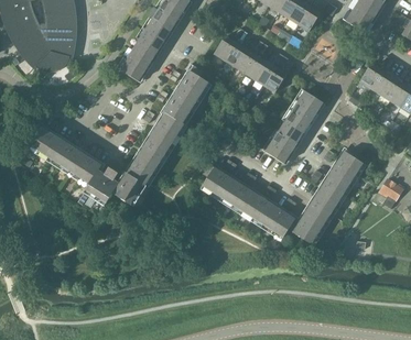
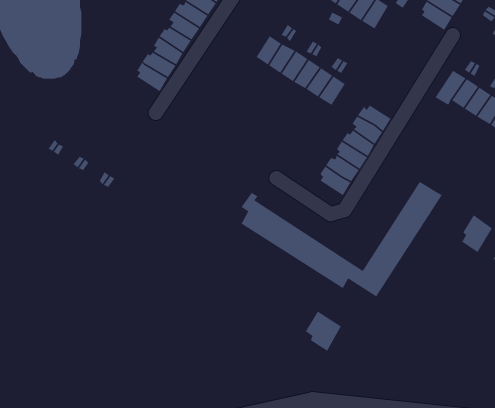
building: [30,64,209,205] -> none
building: none -> [305,310,342,352]

